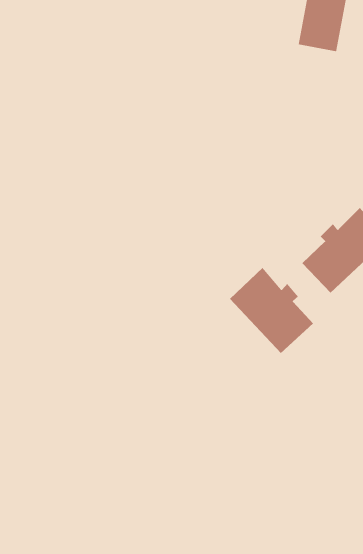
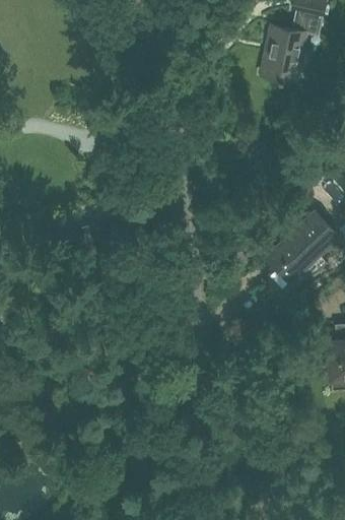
building: [229,267,314,354] -> none

